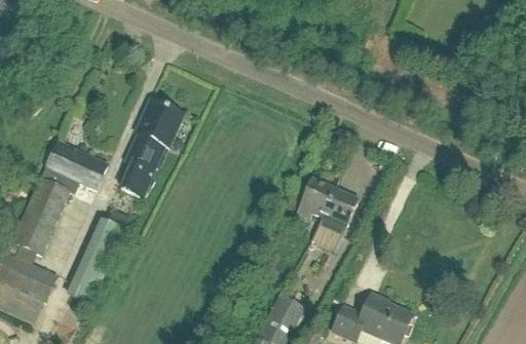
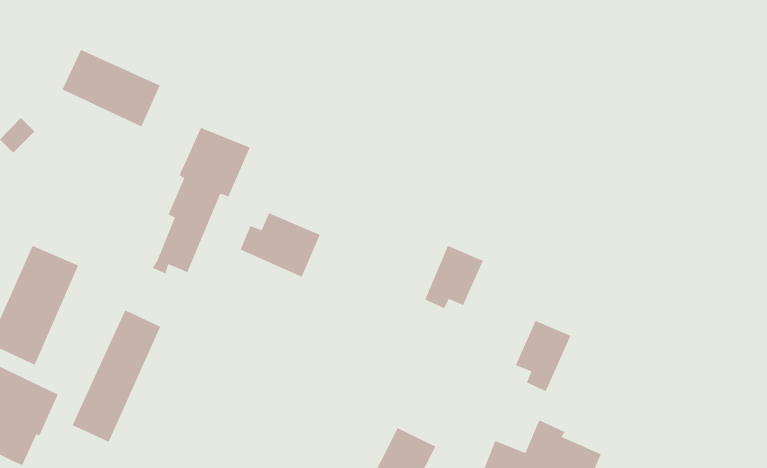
building: [44,139,109,190] -> [62,49,161,128]
building: none -> [239,212,321,278]
building: [322,187,359,234] -> [515,320,571,392]

